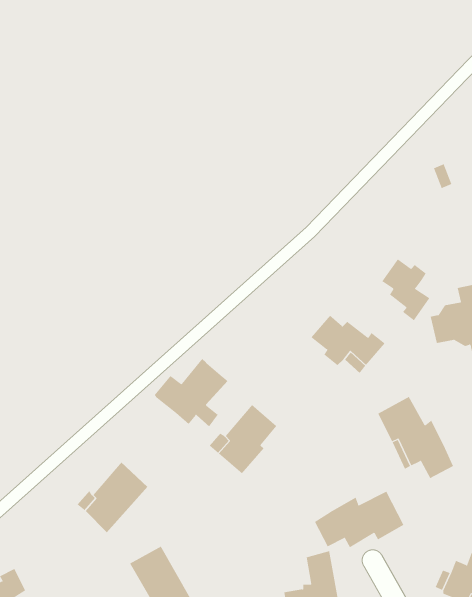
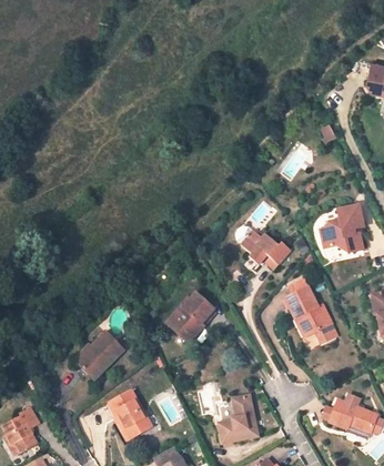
building: [381,258,430,321] -> none
building: [154,358,228,427] -> none
building: [314,491,404,548] -> none

